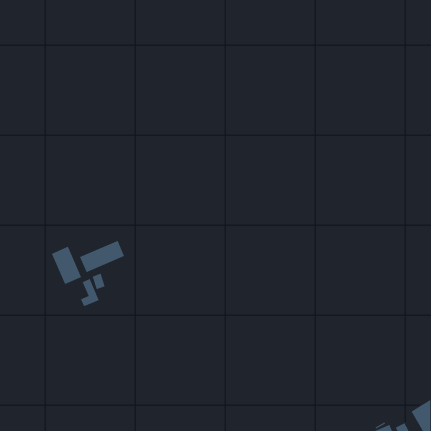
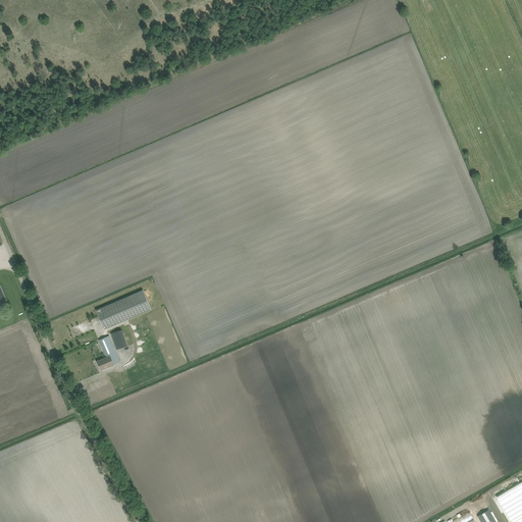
building: [51,246,82,285] -> none

